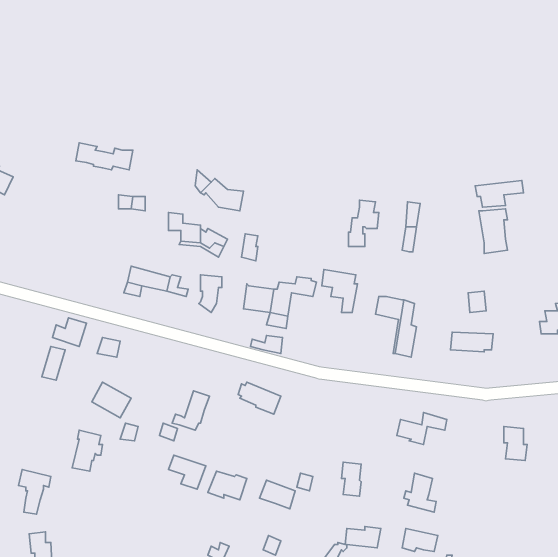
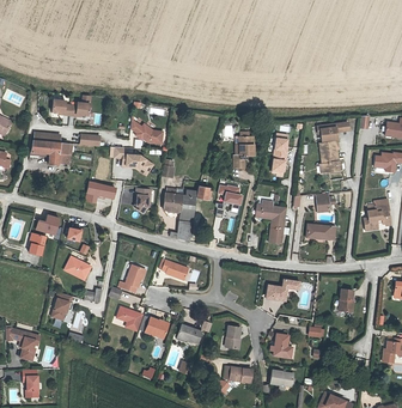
building: none -> [35,132,73,158]

